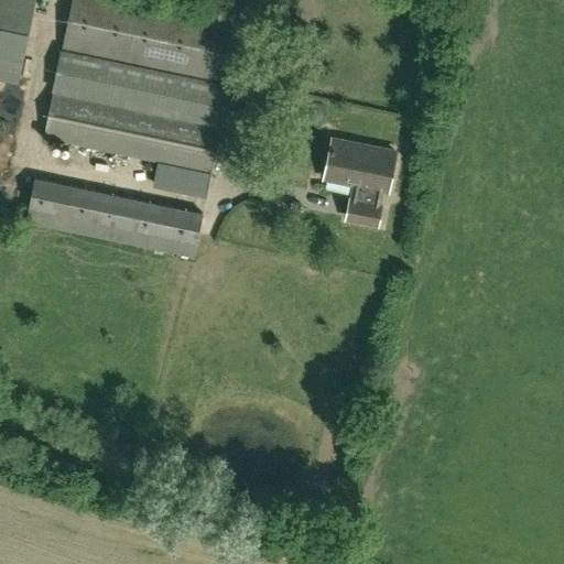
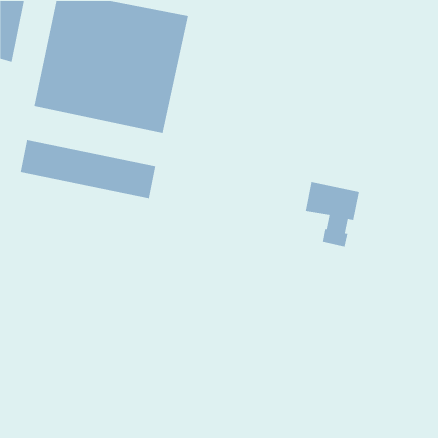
building: [324,140,394,225] -> [305,181,360,247]
building: [151,163,209,196] -> none

